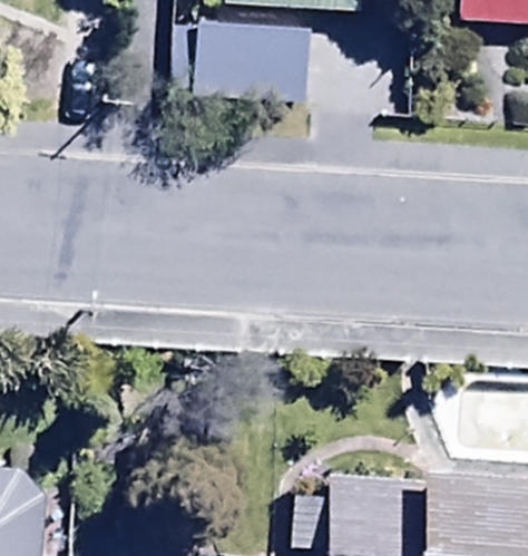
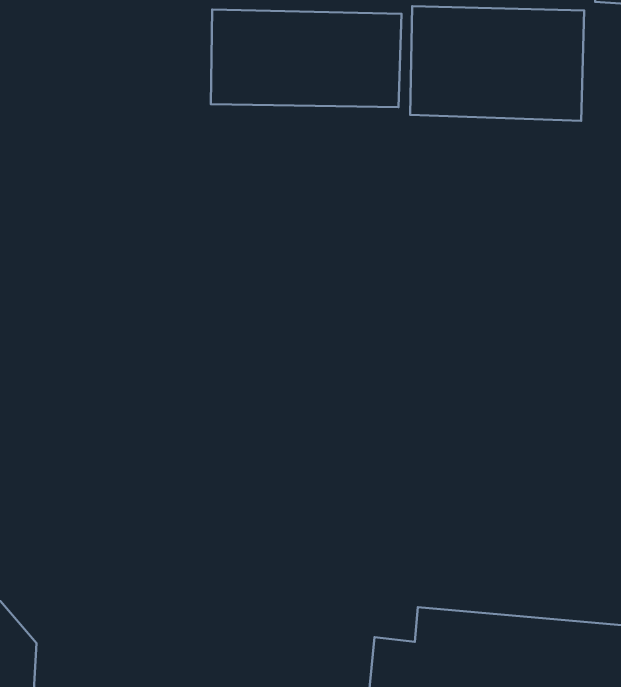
building: none -> [410,6,584,121]

